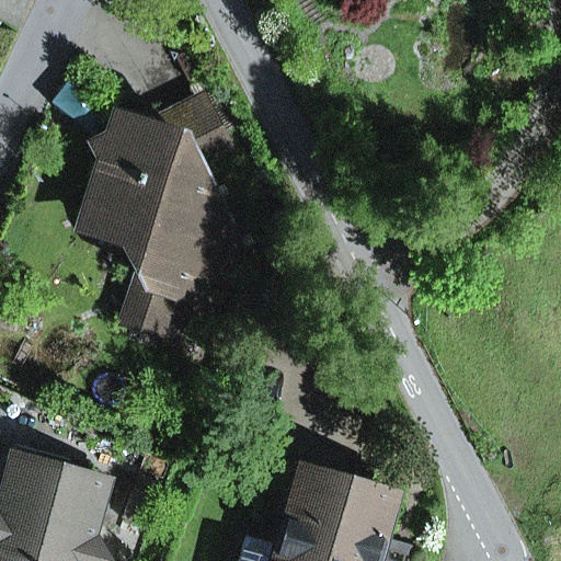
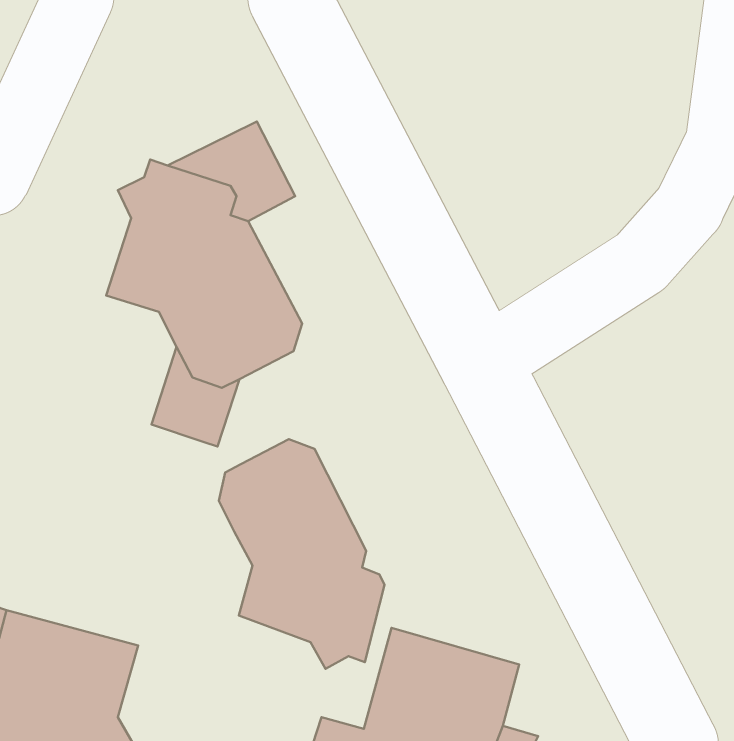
building: none -> [219,439,385,669]

